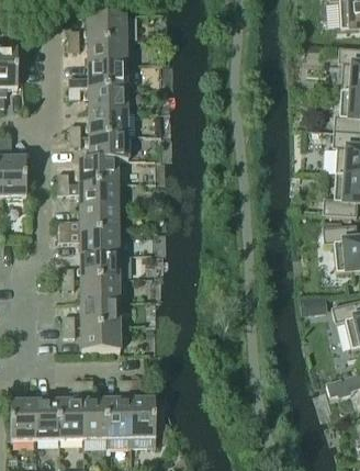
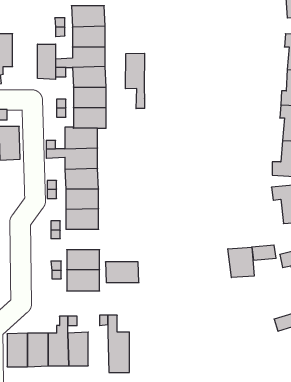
building: none -> [38,44,56,79]
building: none -> [126,53,145,109]
building: [80,278,120,302] -> [105,262,139,283]
building: none -> [228,247,254,278]
building: [106,399,131,447] -> none

